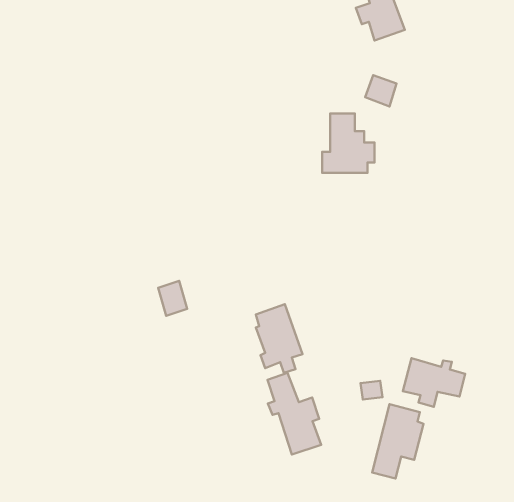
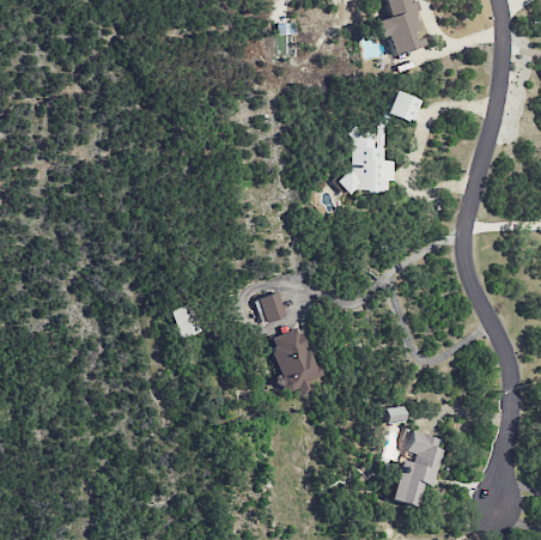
building: none -> [260,291,288,323]
building: [403,358,465,407] -> none
building: [267,373,321,455] -> none

